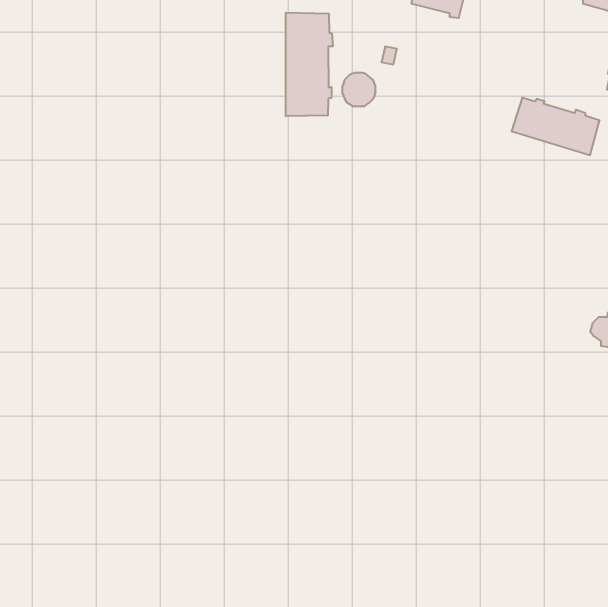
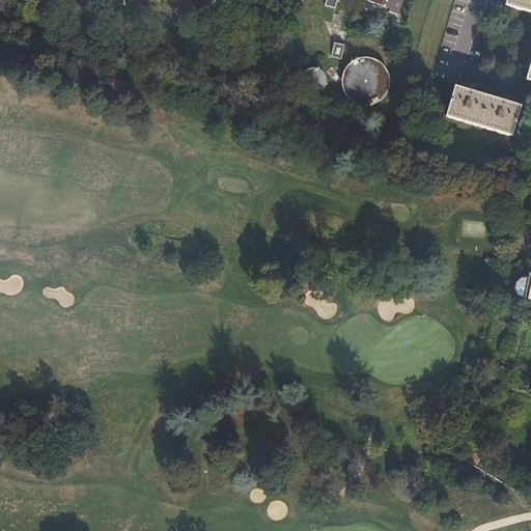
building: [286,13,333,116] -> none
building: none -> [341,55,391,105]

